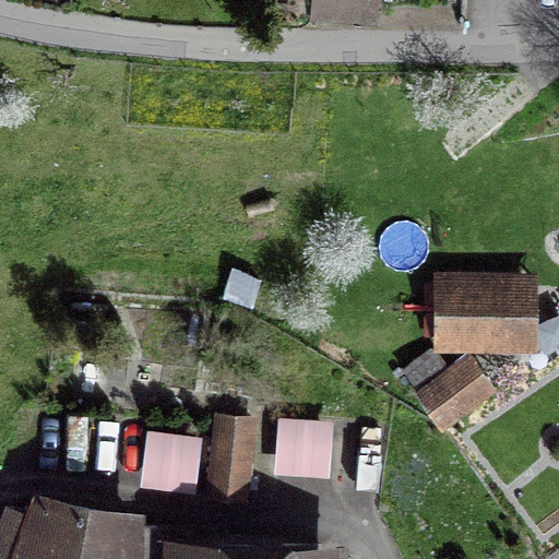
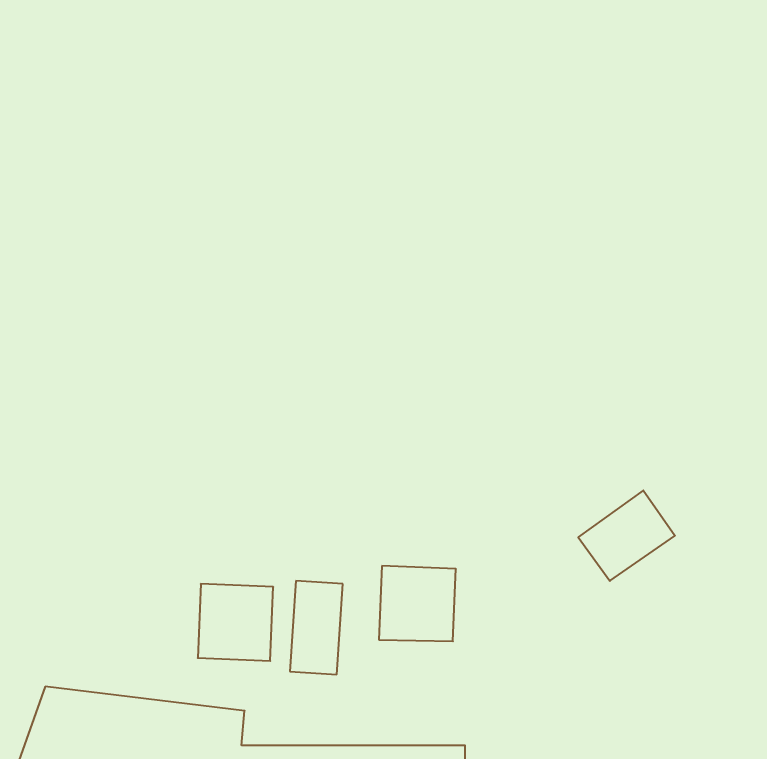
building: [441,285,528,352] -> none

